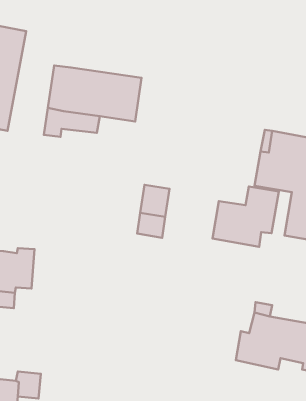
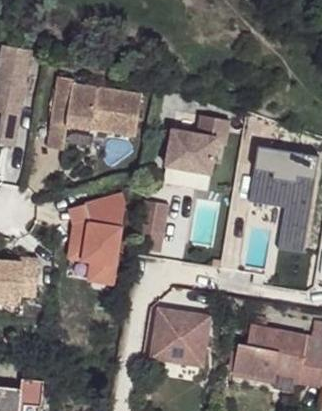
building: none -> [70,195,125,285]
building: [212,186,279,247] -> [167,115,231,173]
building: none -> [145,302,209,364]

